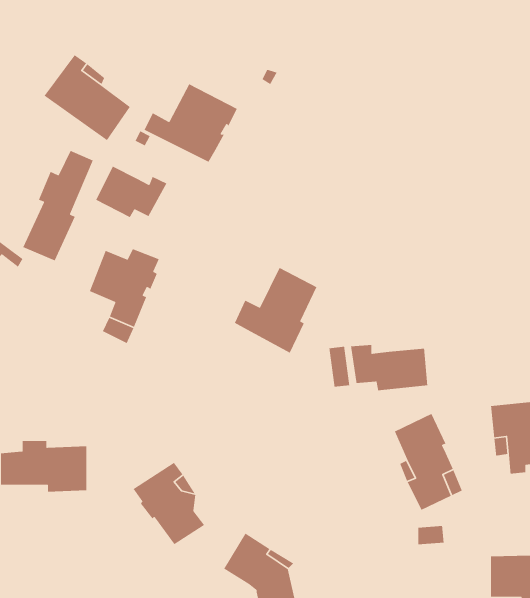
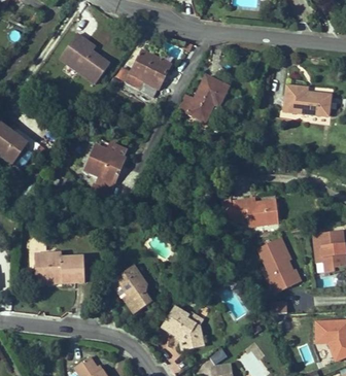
building: none -> [283,84,331,114]
building: [22,150,94,261] -> none
building: [95,166,167,218] -> none
building: [234,267,317,354] -> [180,75,228,125]

